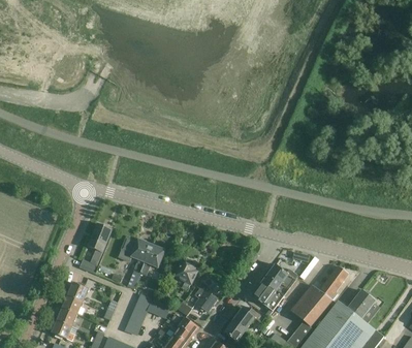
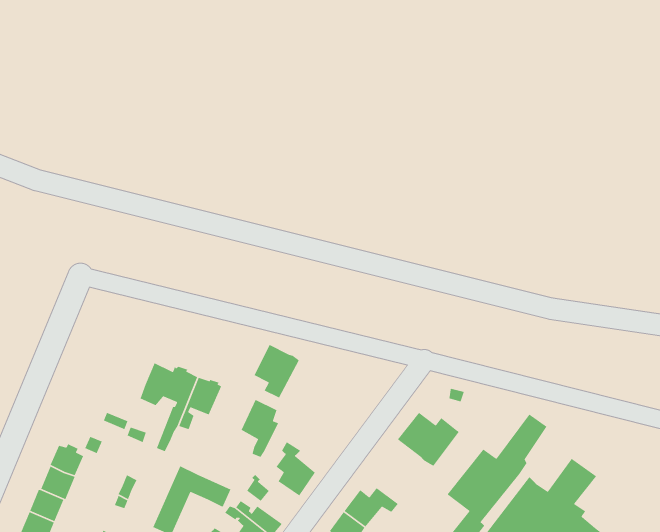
building: [80,223,110,272] -> none
building: none -> [254,344,300,399]
building: [252,280,284,309] -> none

